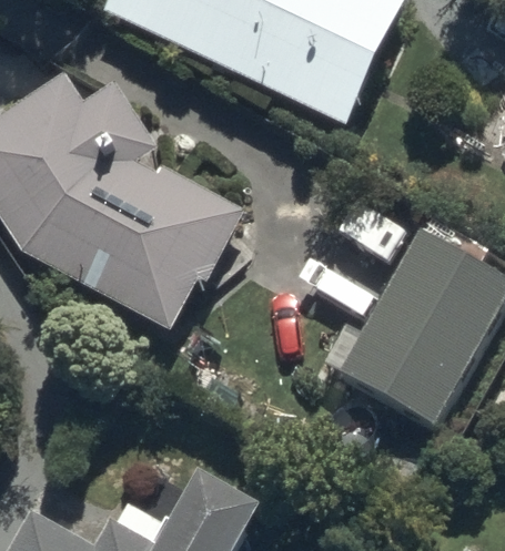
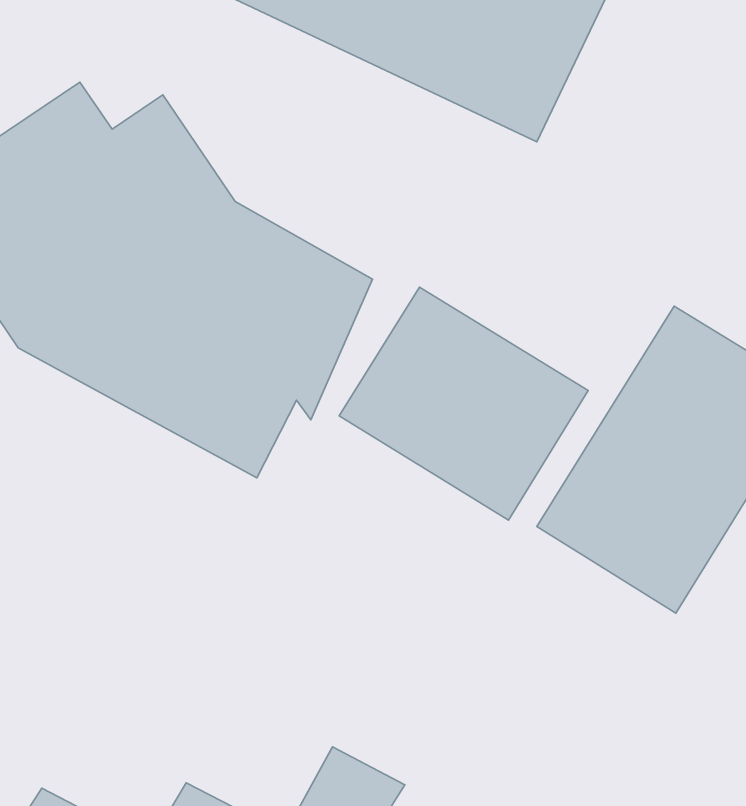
building: none -> [339,287,588,520]

